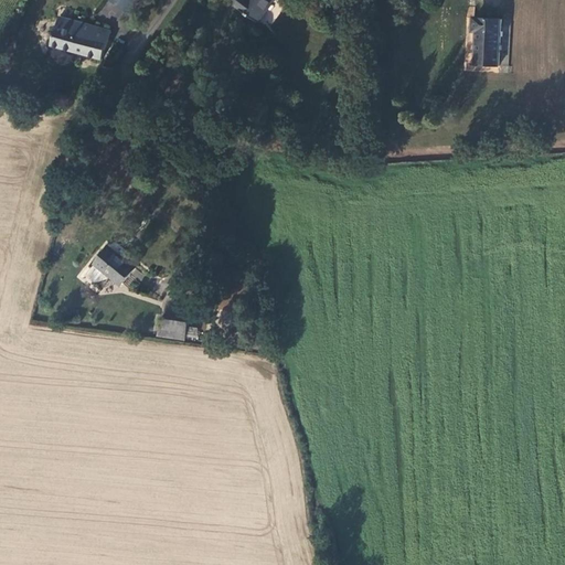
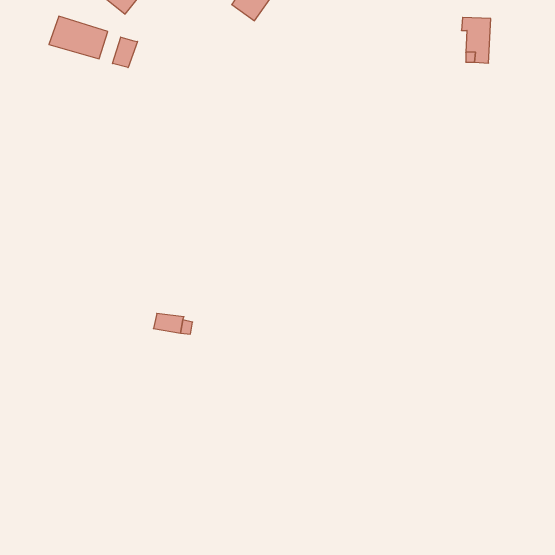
building: none -> [113,37,137,68]
building: [89,246,132,280] -> none

